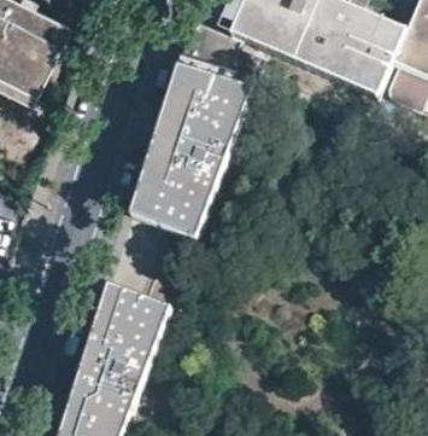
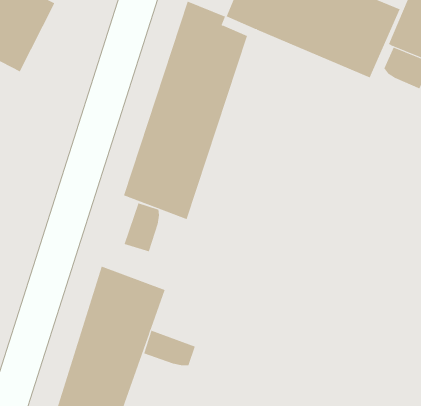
building: none -> [124,203,160,252]
building: none -> [143,330,196,366]

